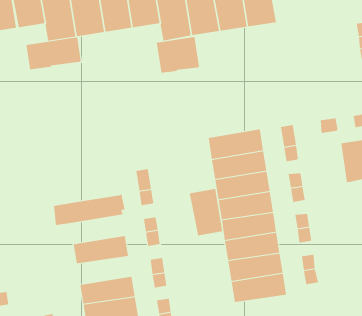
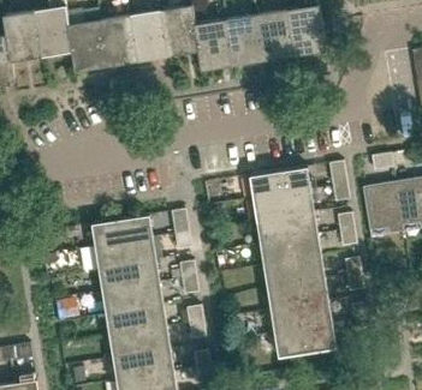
building: [156,36,200,74] -> none
building: [26,37,81,70] -> none
building: none -> [362,182,403,238]
building: none -> [91,215,154,248]
building: [189,188,223,236] -> none
building: none -> [99,260,160,293]
building: none -> [106,306,167,337]

